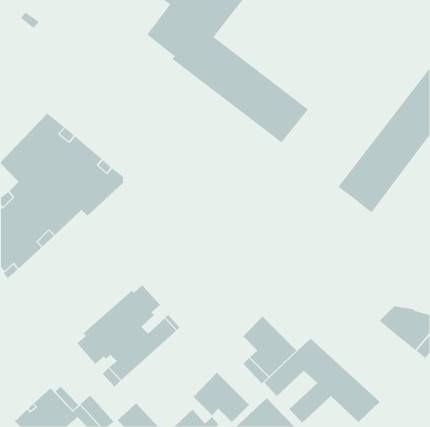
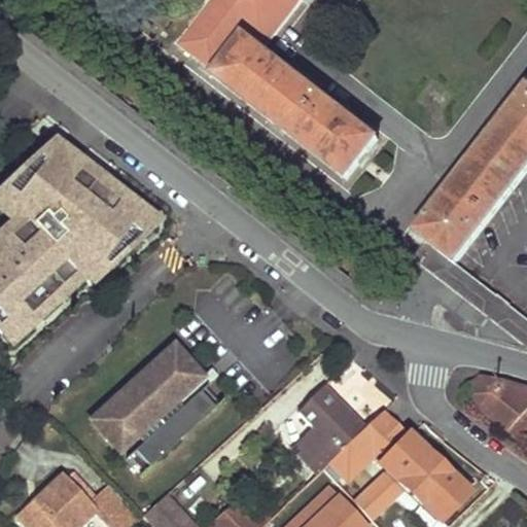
building: [193,372,250,423] -> none

